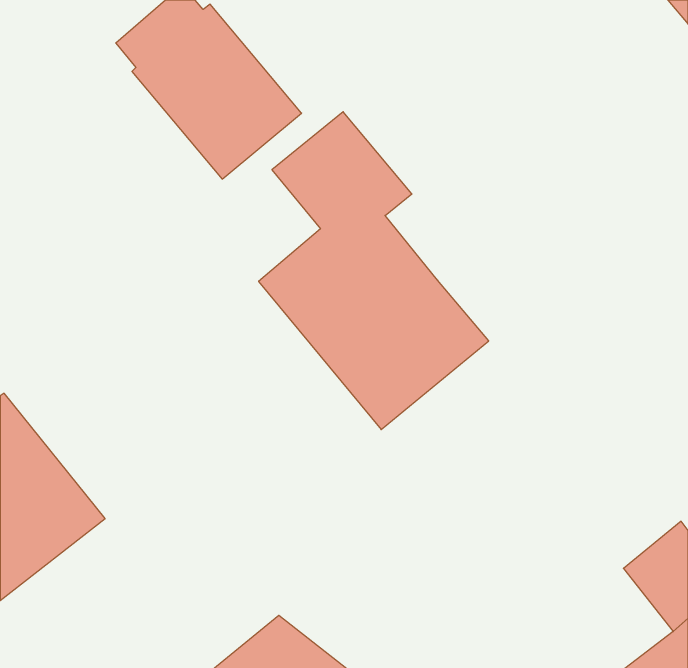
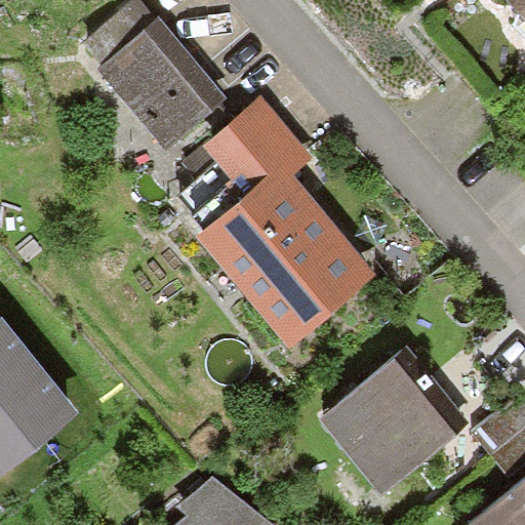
building: none -> [319,356,456,492]

